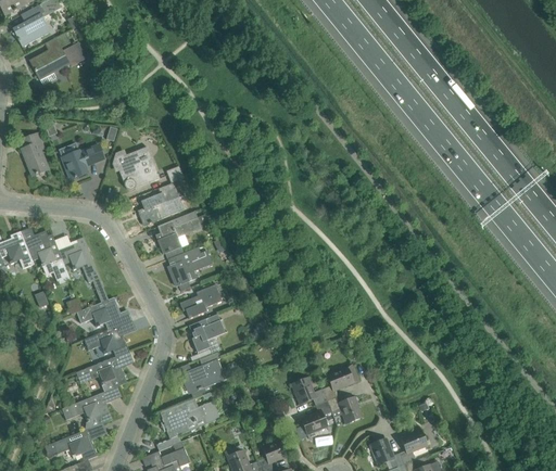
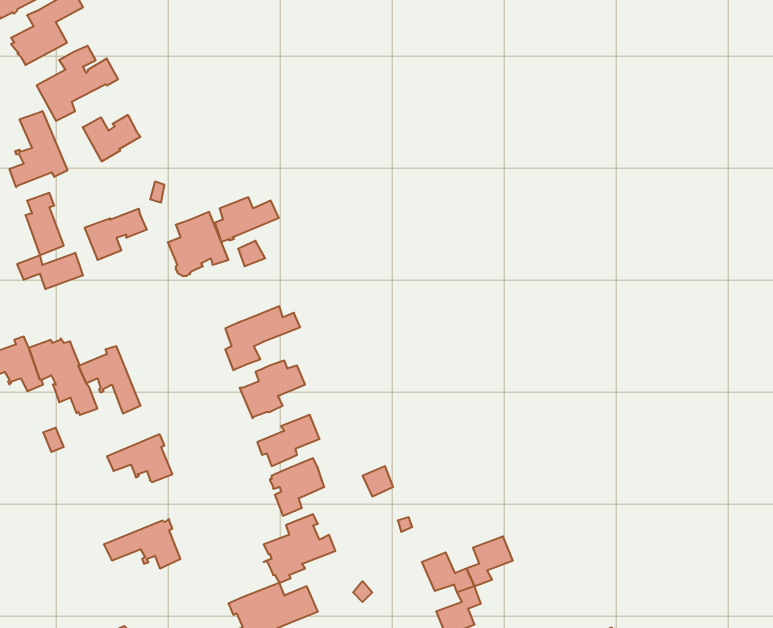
building: none -> [10,111,67,187]
building: none -> [83,115,140,161]
building: none -> [17,253,83,289]
building: [139,194,182,225] -> [215,197,279,242]
building: [84,324,129,357] -> none
building: [61,391,112,424] -> none
building: [327,396,362,423] -> none

